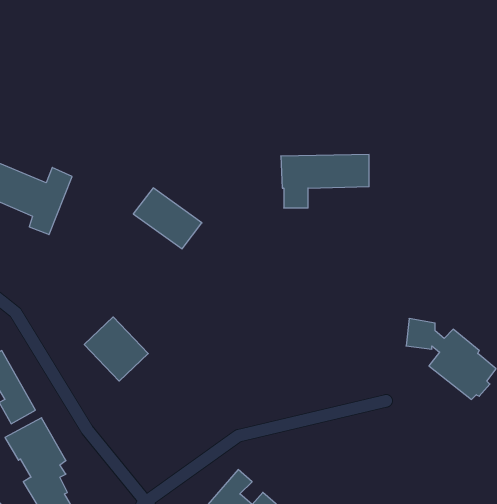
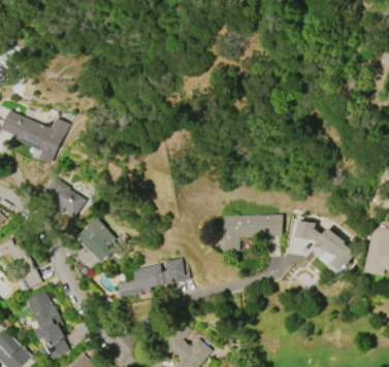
building: [281,155,369,208] -> [222,214,282,251]
building: [133,188,202,249] -> [40,176,87,218]
building: none -> [117,258,190,299]

